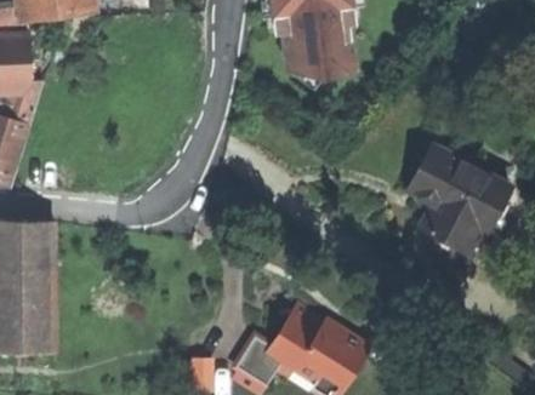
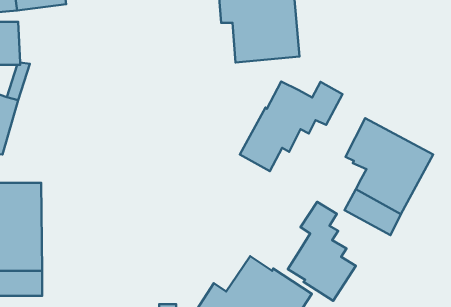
building: none -> [240,82,342,171]
building: none -> [288,202,356,301]

